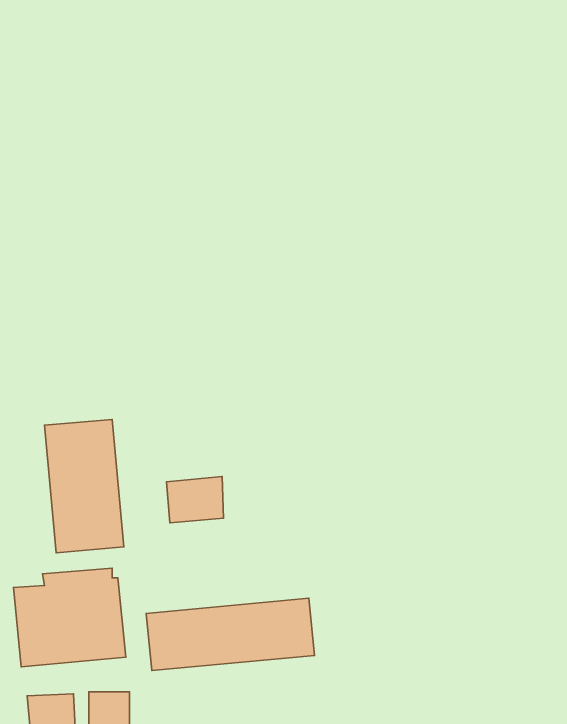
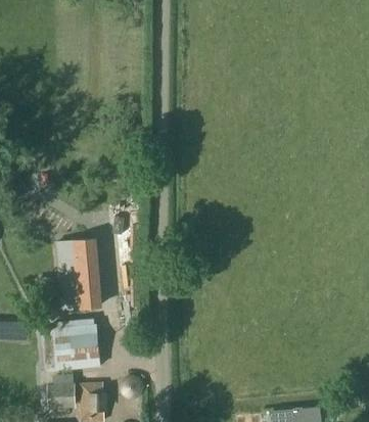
building: [166,477,224,523] -> none
building: [146,598,315,670] -> none

